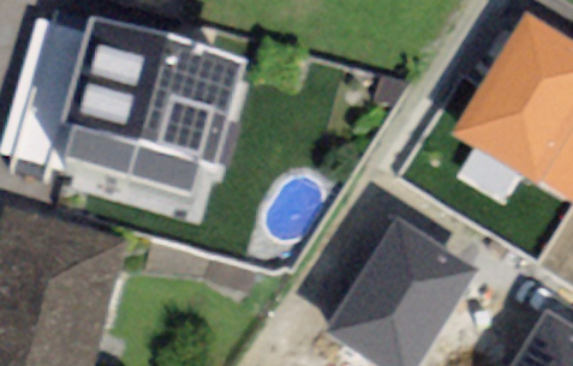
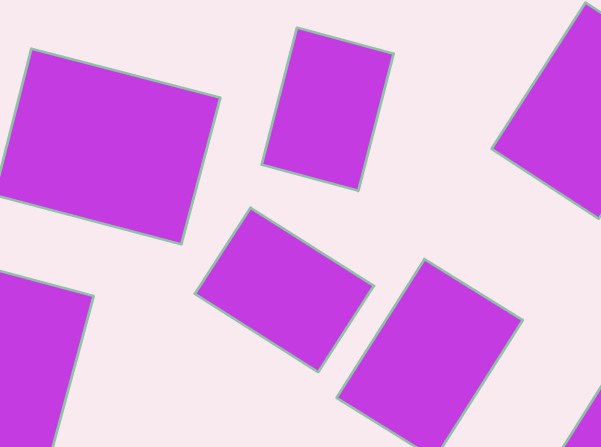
building: none -> [262,28,394,191]
building: none -> [195,208,374,372]

